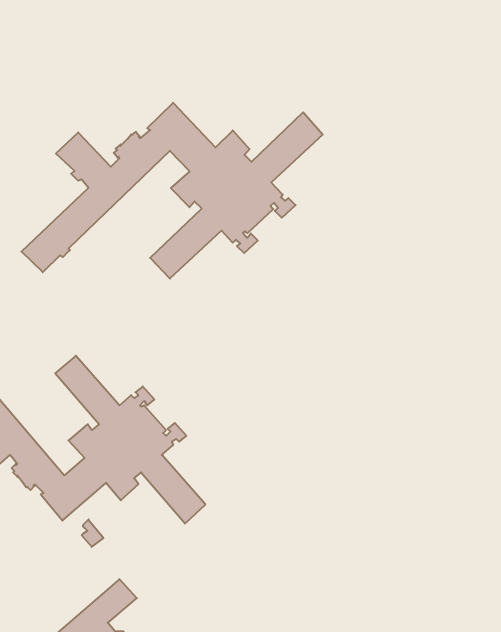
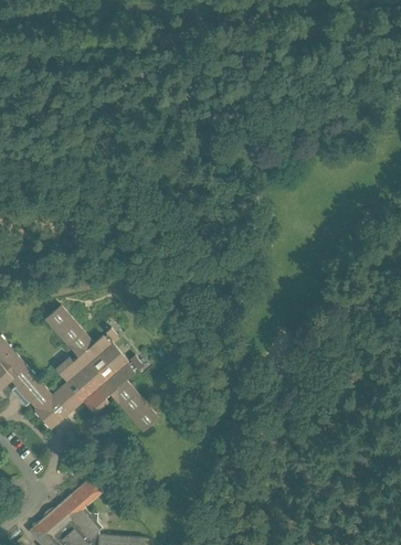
building: [21,103,323,279] -> none

